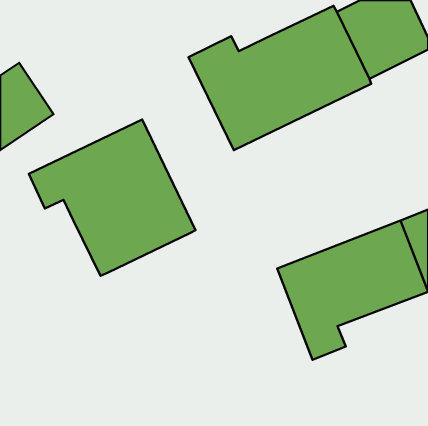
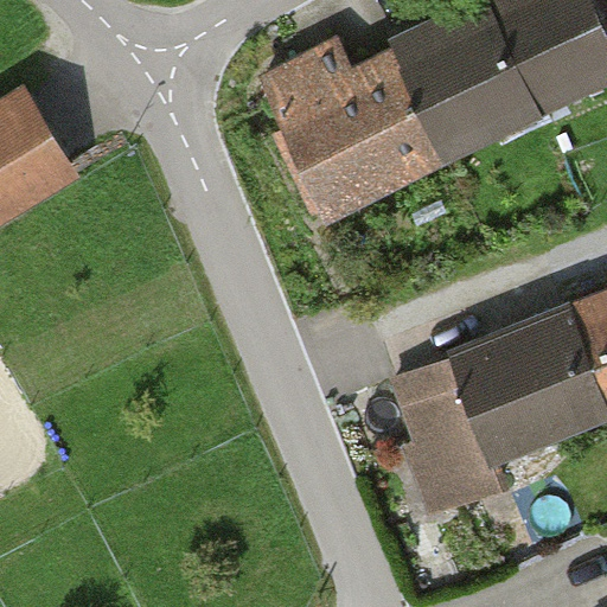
building: [29,119,195,276] -> none

